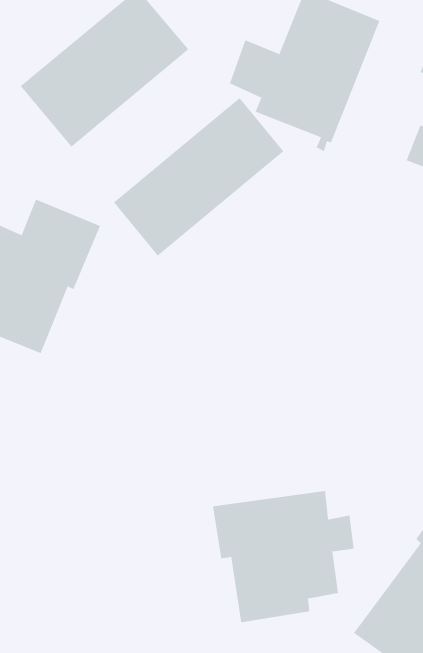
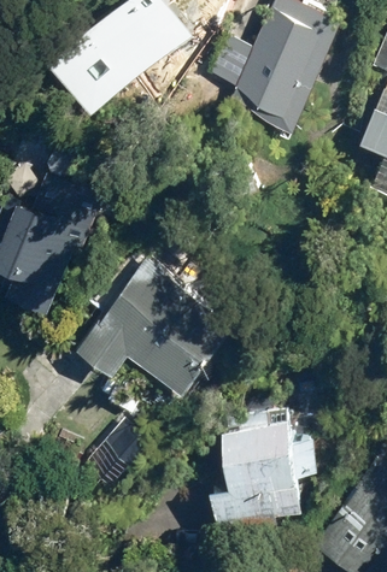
building: [113,97,284,257] -> none
building: none -> [81,259,234,403]

